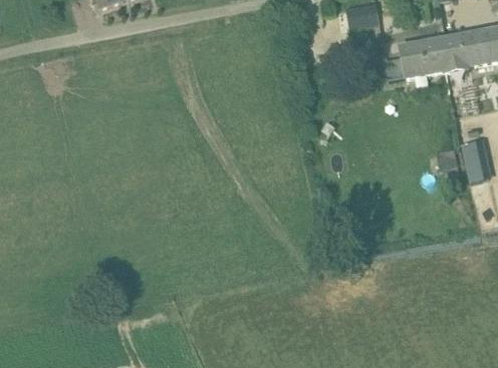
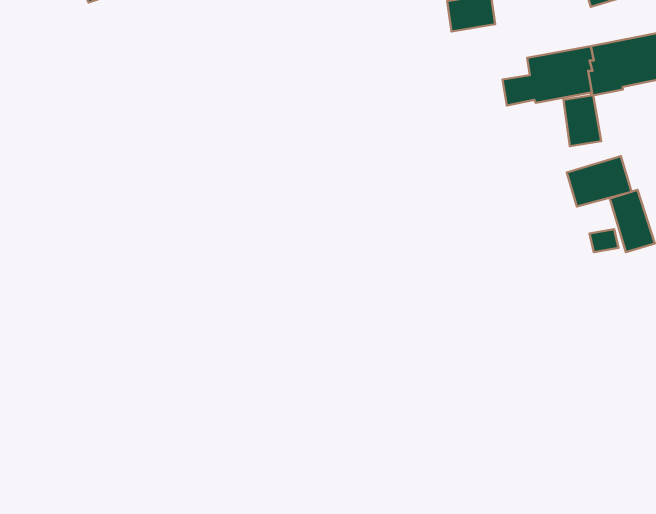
building: none -> [564,95,601,146]
building: none -> [567,156,631,207]

